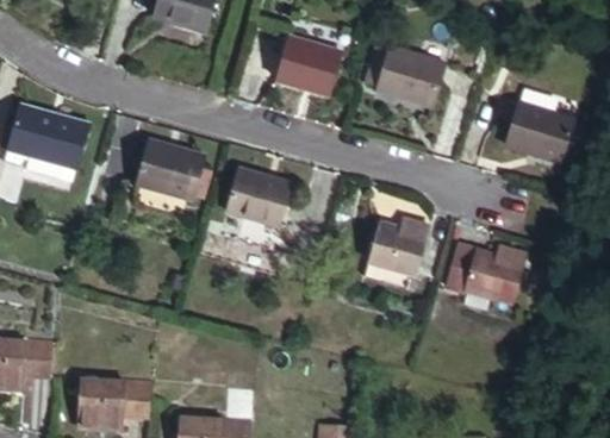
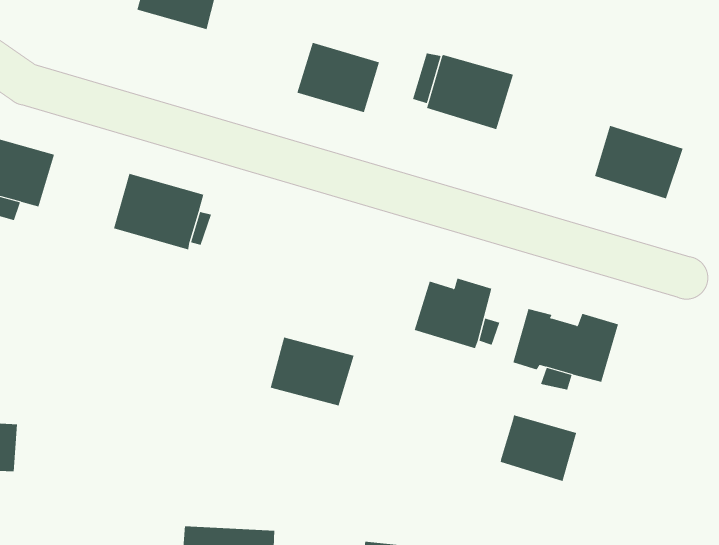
building: [223,171,288,225] -> [270,337,355,406]
building: none -> [500,414,577,482]
building: [82,374,155,424] -> none

